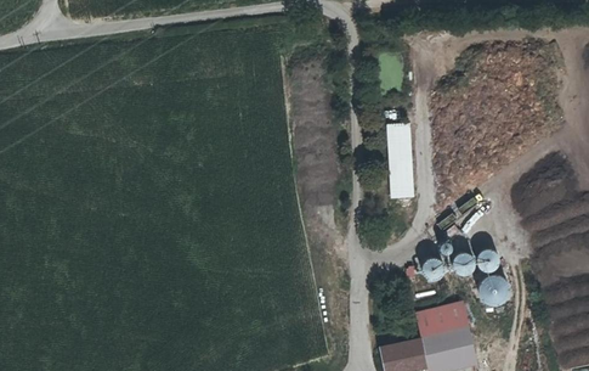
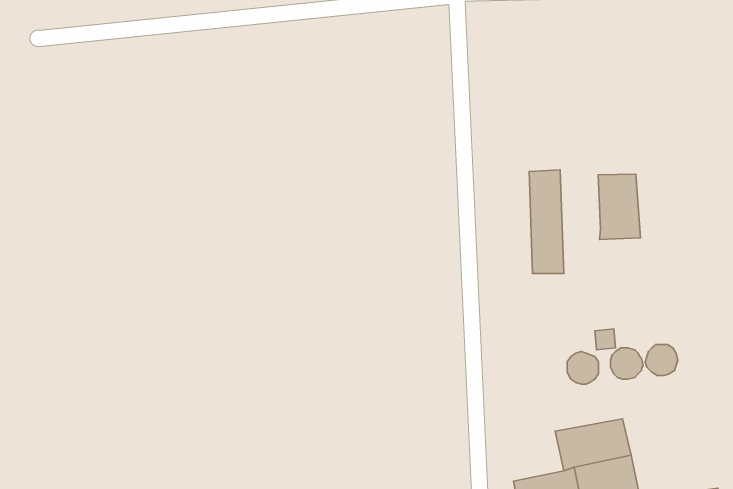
building: none -> [598,174,641,239]
building: [480,277,510,308] -> none

